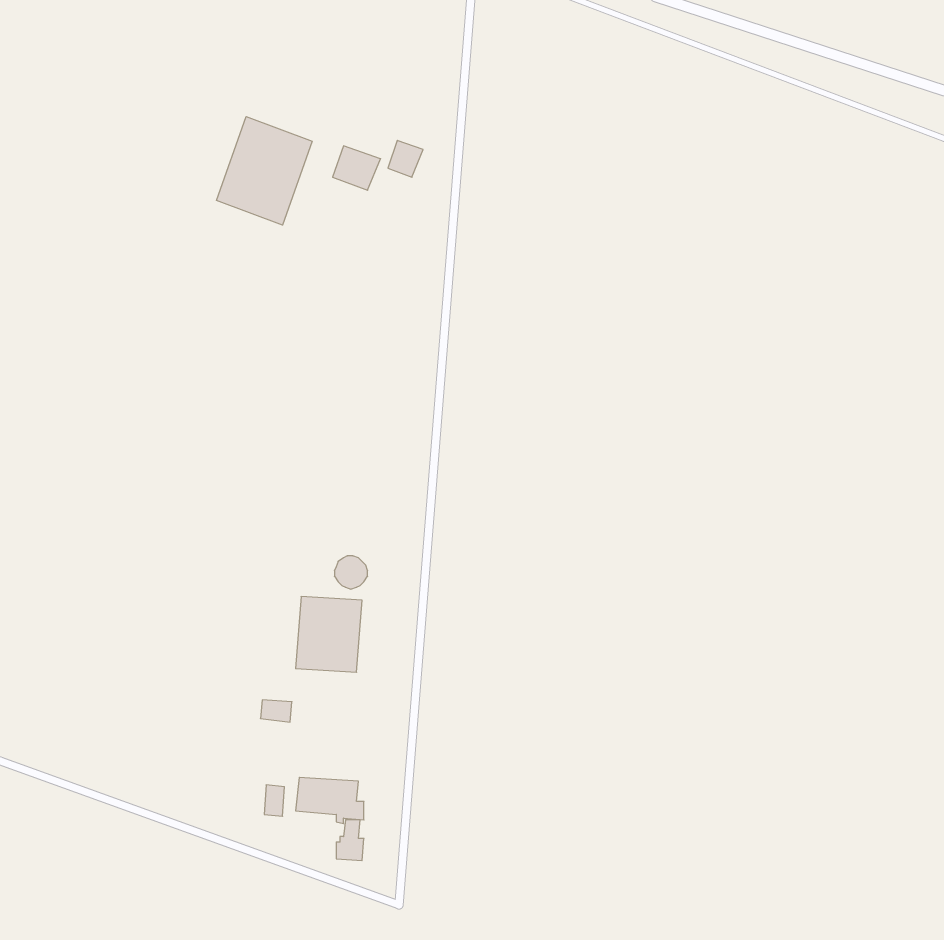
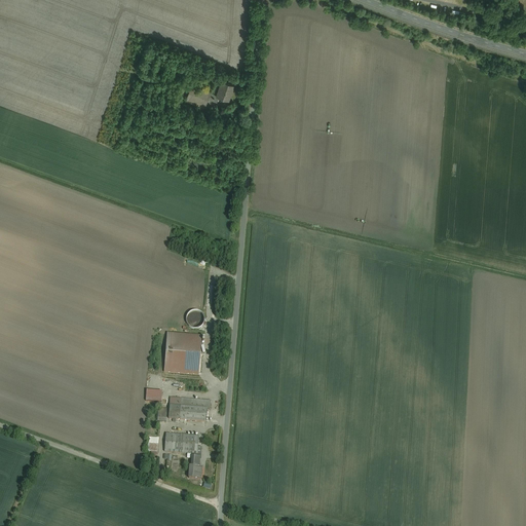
building: [217,117,312,225] -> none
building: none -> [168,396,212,421]

